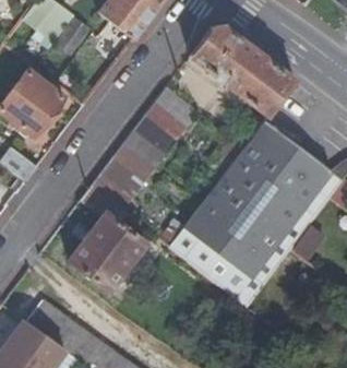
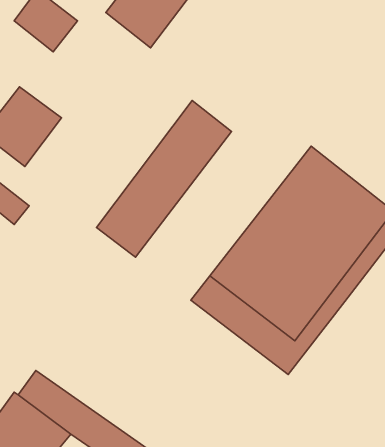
building: [191,25,295,114] -> none
building: [68,186,147,292] -> none

